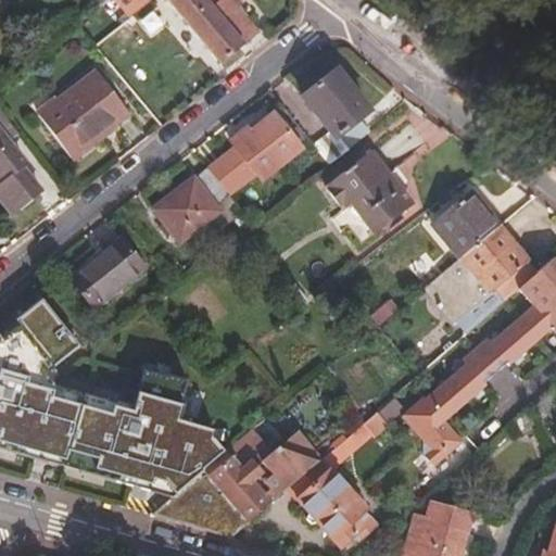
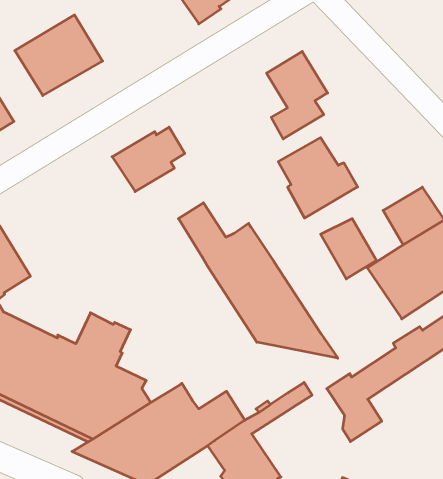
building: [206,105,306,192] -> none
building: none -> [321,219,376,279]
building: [73,238,143,303] -> none
building: none -> [178,203,338,358]

